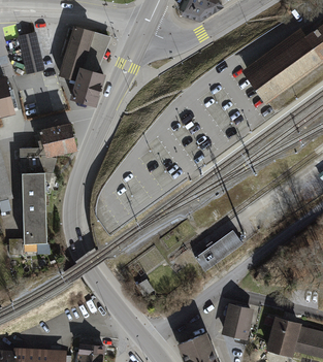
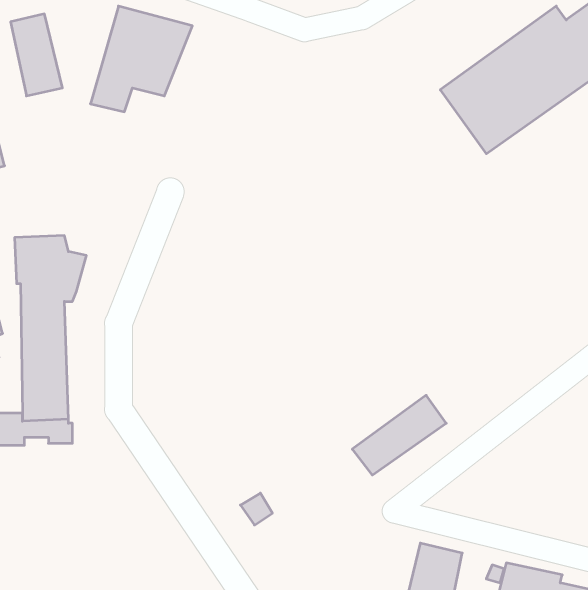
building: [70,71,106,111] -> none
building: [41,122,77,156] -> none

